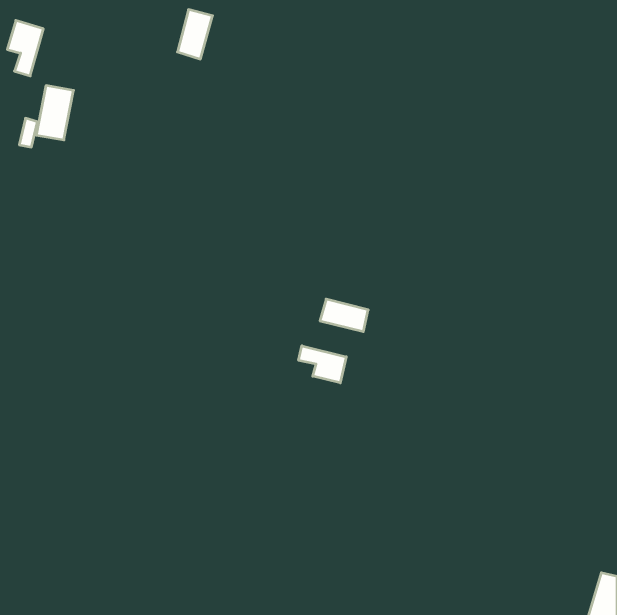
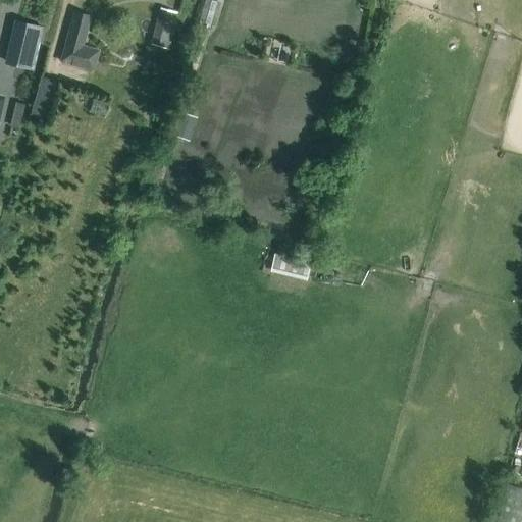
building: none -> [59,12,100,72]
building: [299,346,346,383] -> none

